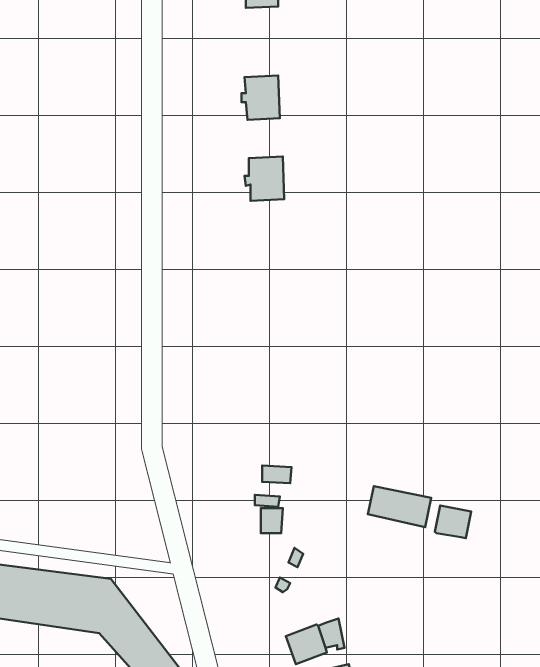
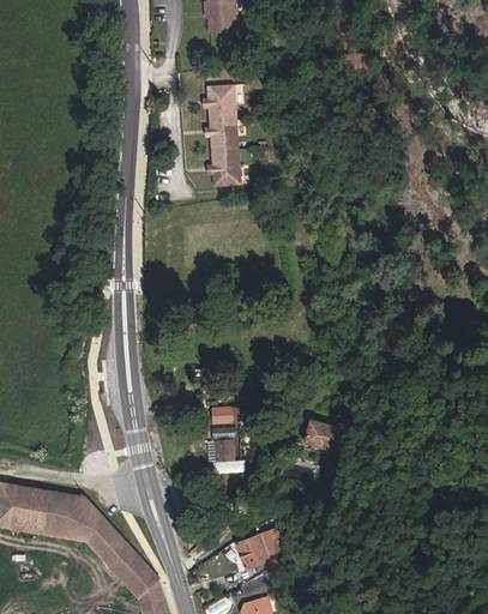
building: none -> [203,121,235,154]
building: [435,505,471,538] -> none

